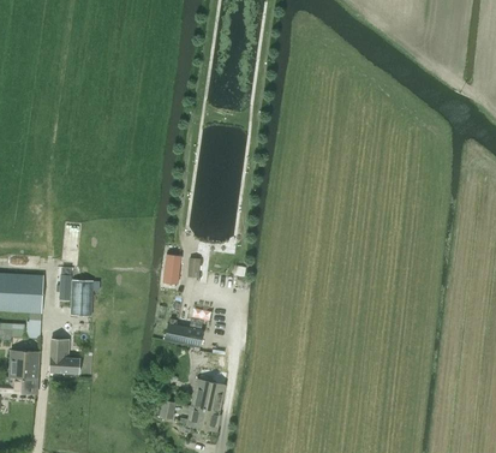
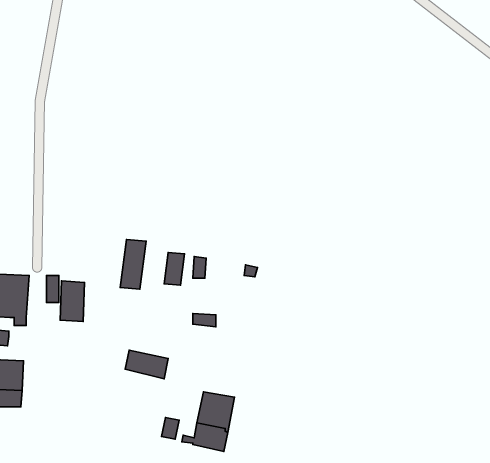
building: none -> [120,239,146,289]
building: [165,322,203,347] -> [125,350,168,379]
building: [49,338,79,372] -> none

